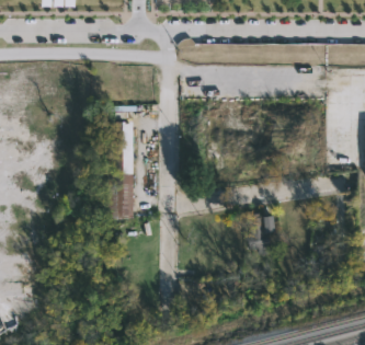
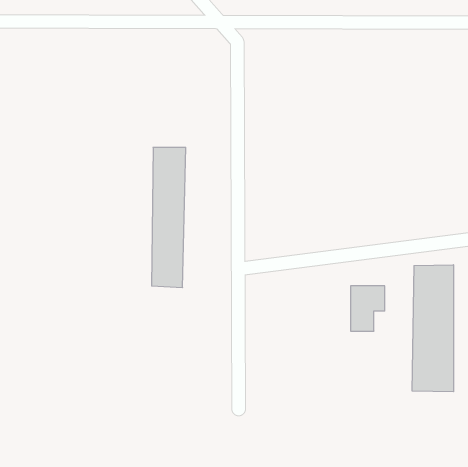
building: none -> [412,265,453,392]

